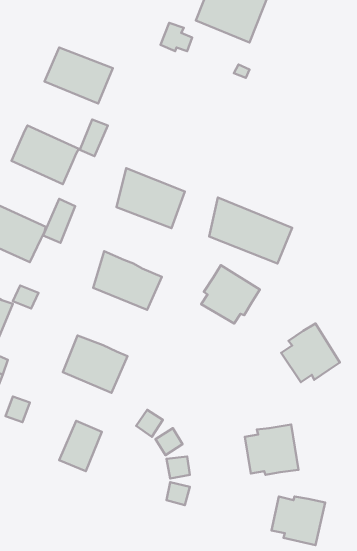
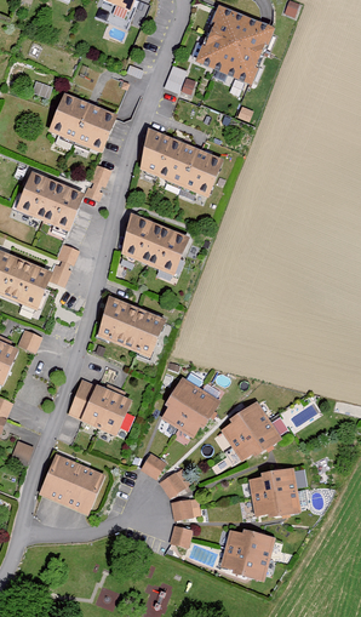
building: [209,197,292,263] -> [139,126,222,192]
building: [201,265,260,324] -> [161,375,219,433]
building: [281,324,340,382] -> [222,399,280,457]
building: none -> [38,452,80,502]
building: [271,496,325,545] -> [220,529,274,577]

